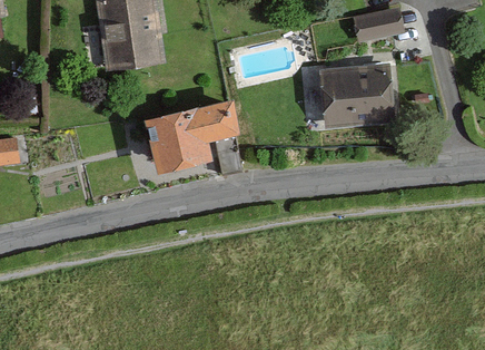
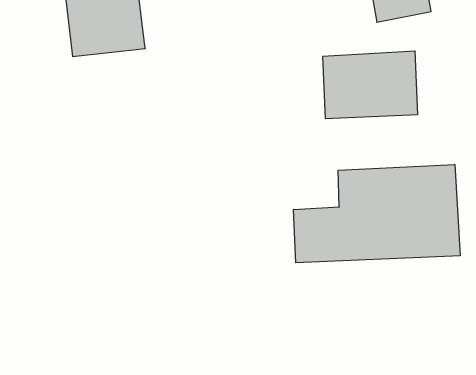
building: [137,100,234,171] -> none
building: none -> [294,164,460,263]

